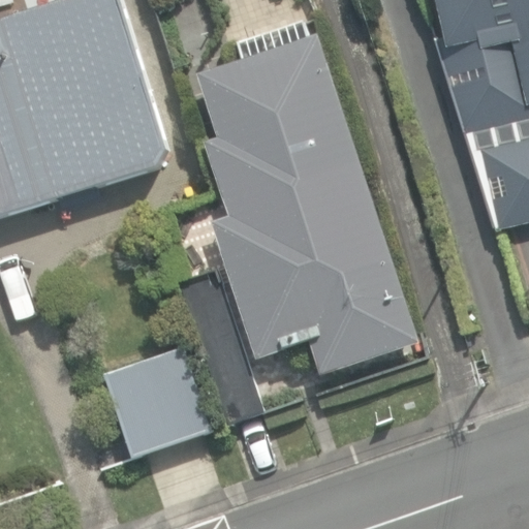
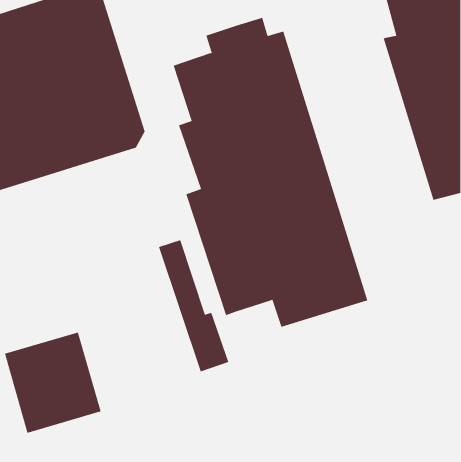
building: [104,346,215,462] -> [4,332,101,433]

